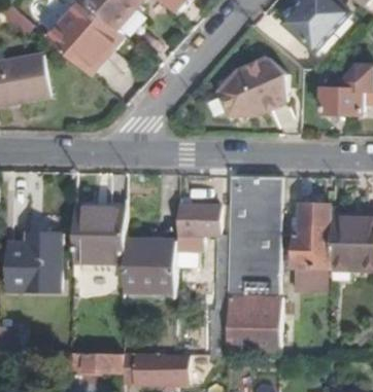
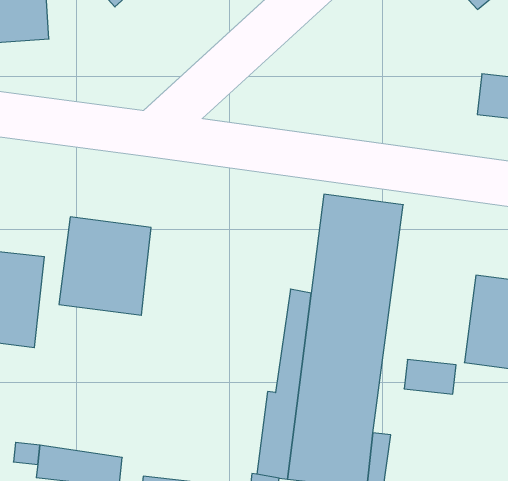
building: [213,55,289,113] -> none
building: [293,205,332,269] -> none
building: [176,206,219,235] -> none
building: [124,240,176,292] -> none

